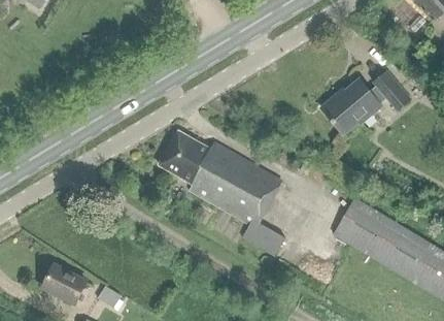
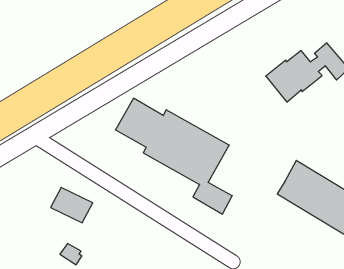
building: [41,265,87,303] -> [51,187,93,223]

